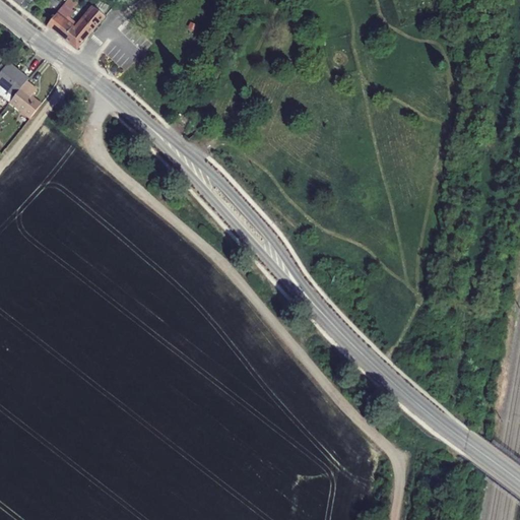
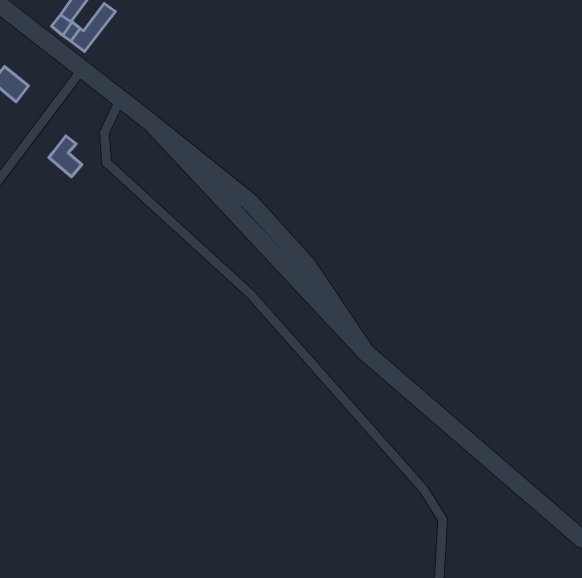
building: [10,76,40,113] -> [49,136,82,177]

